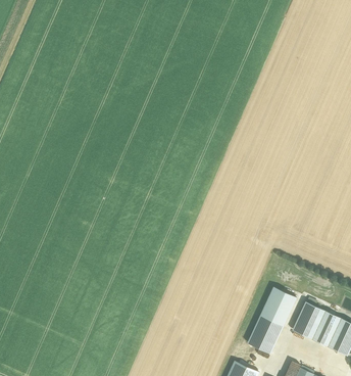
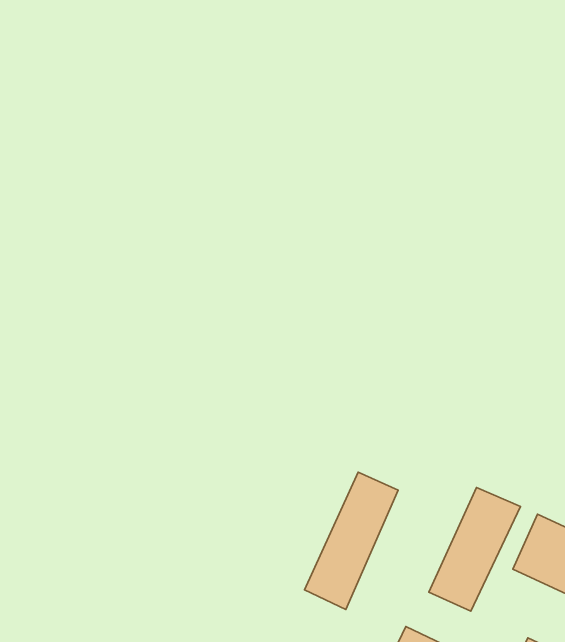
building: none -> [305,472,398,609]

